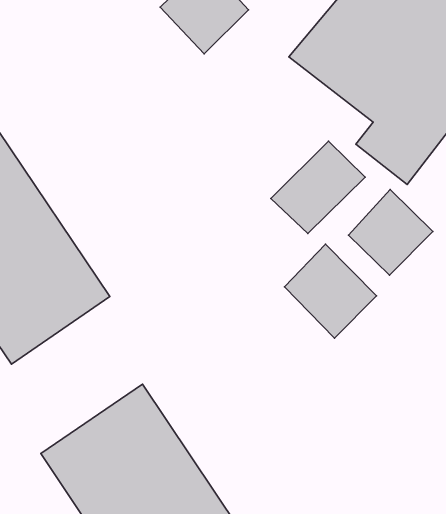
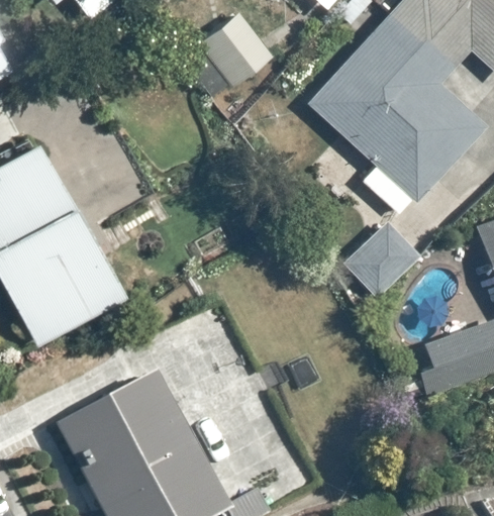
building: [271,141,365,234] -> none
building: [285,244,376,338] -> none

